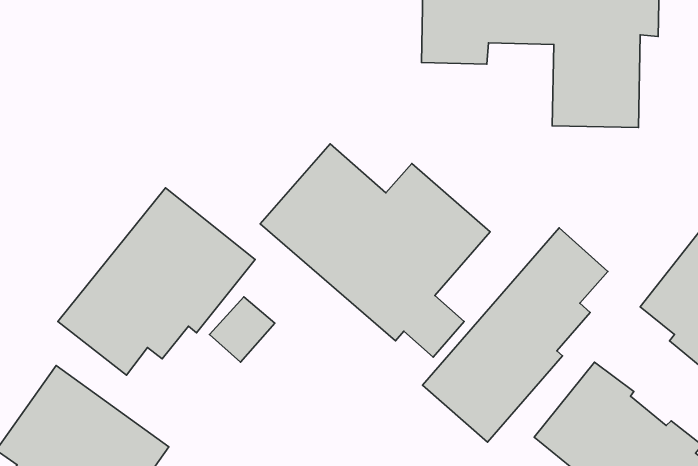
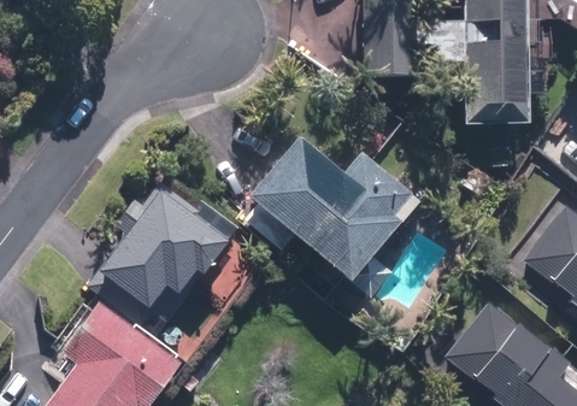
building: [422,228,608,442] -> none

